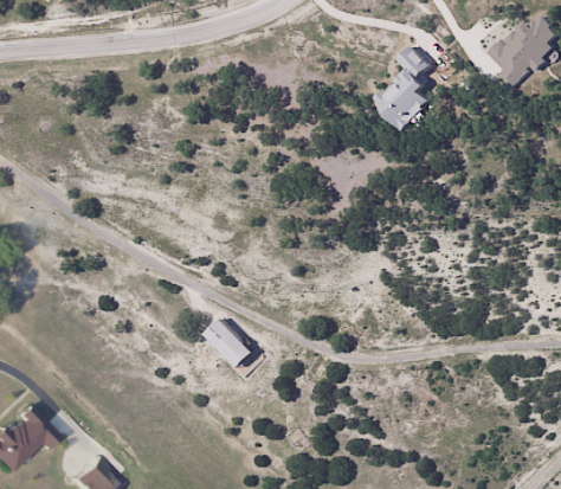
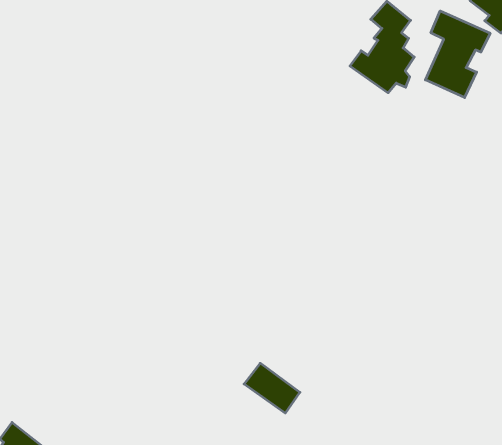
building: none -> [425,11,490,98]
building: [204,320,254,368] -> [244,363,300,413]

